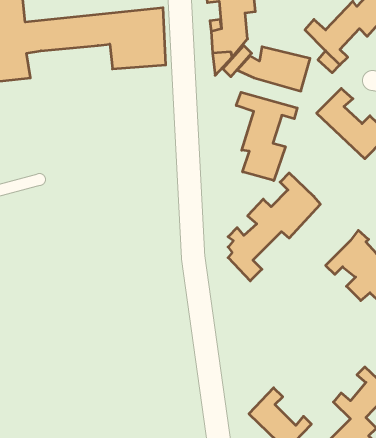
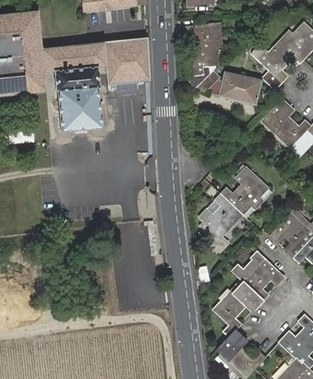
building: none -> [55,68,101,131]
building: [236,92,297,181] -> none
building: none -> [214,252,284,331]

